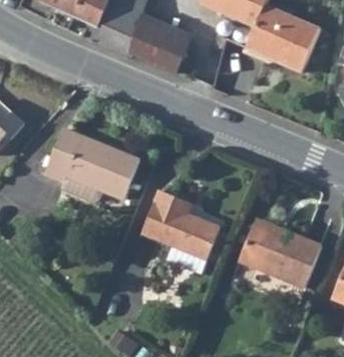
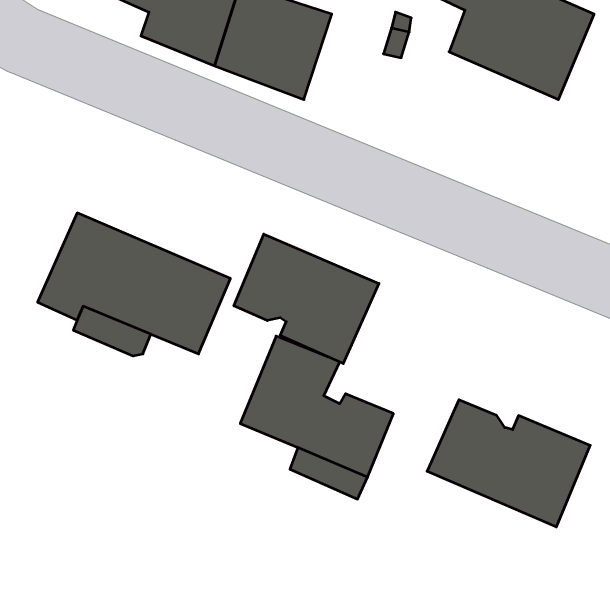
building: none -> [234,234,379,364]

